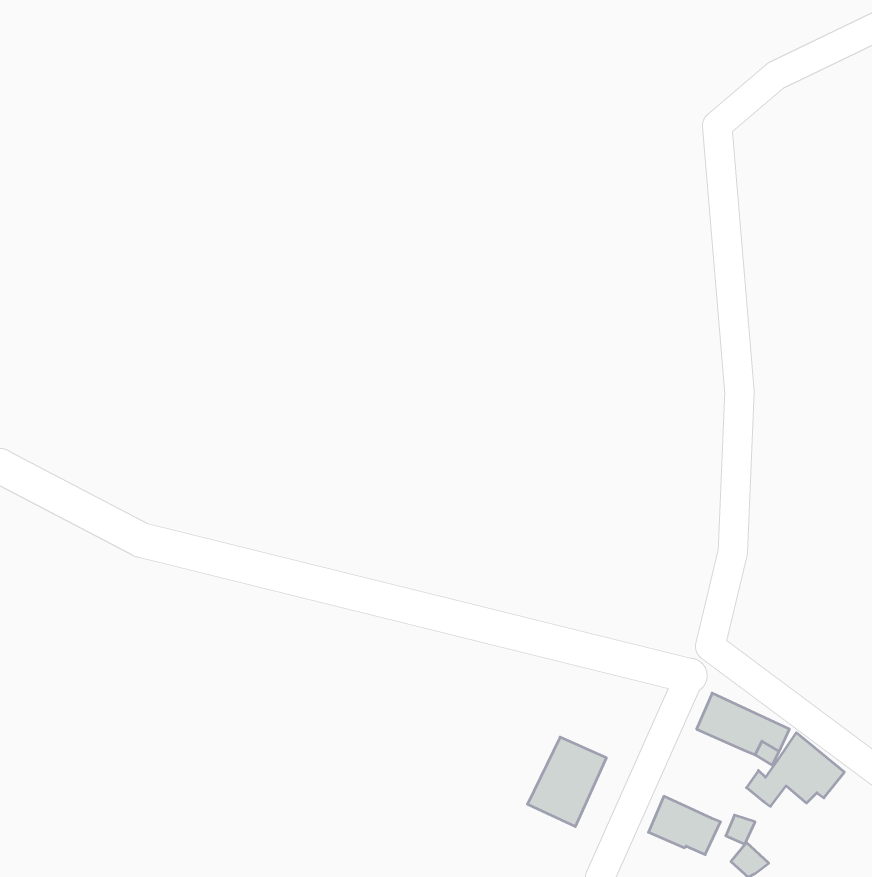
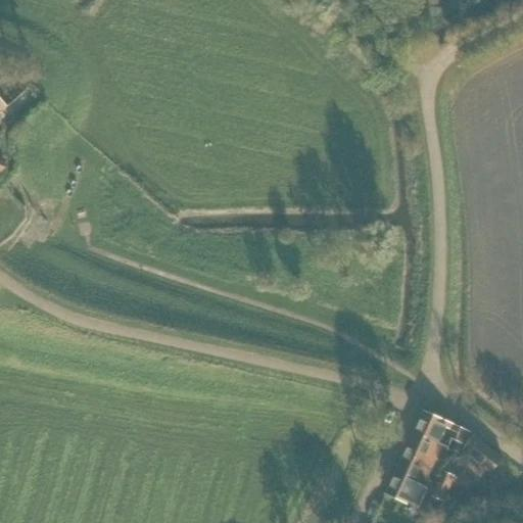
building: [527,737,606,827] -> [398,433,445,486]

